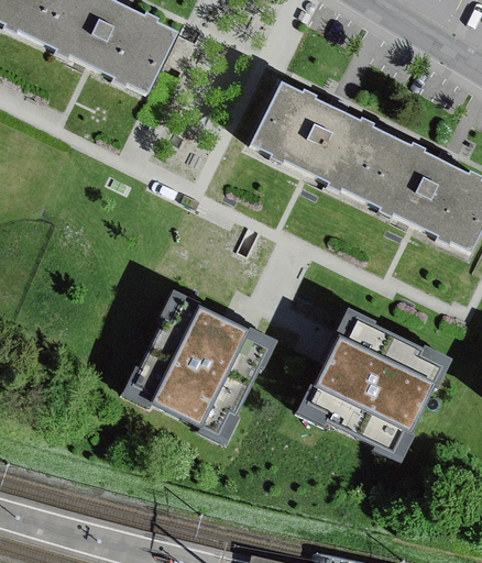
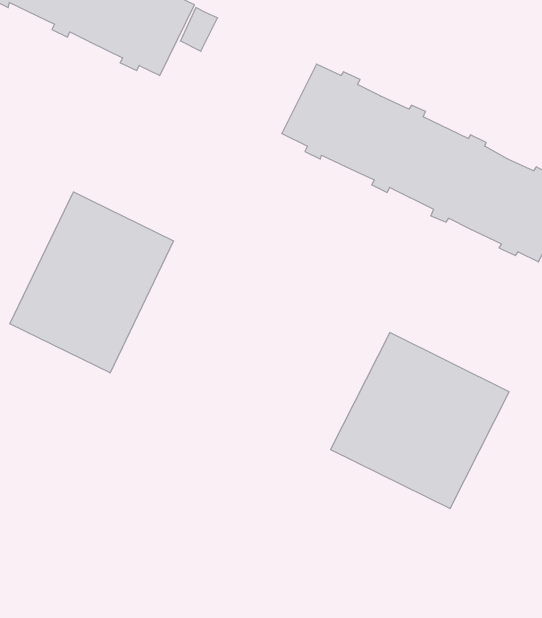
building: none -> [10,192,174,373]
building: [120,288,276,446] -> none

